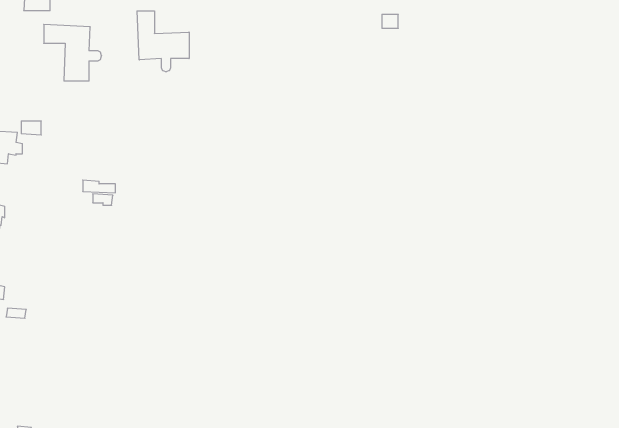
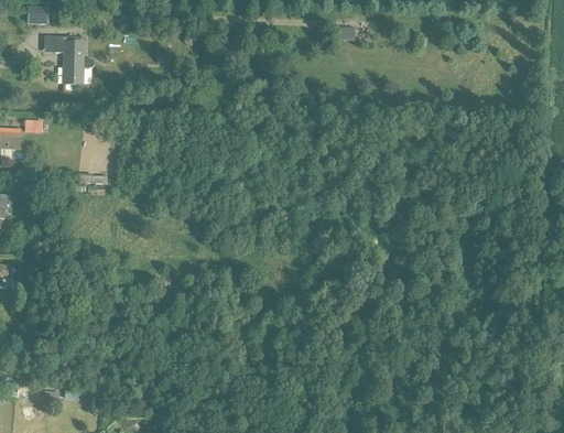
building: [137,11,189,72] -> none

